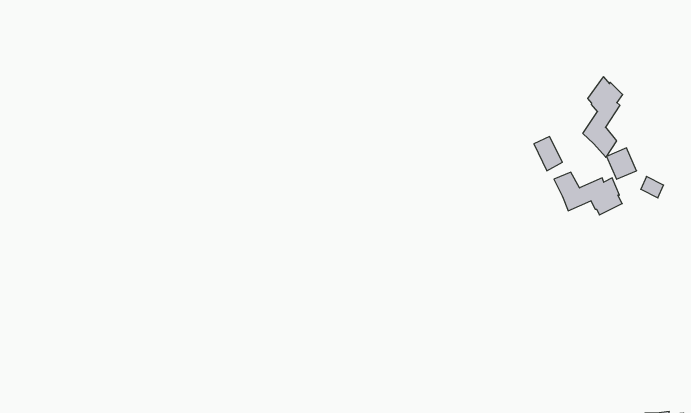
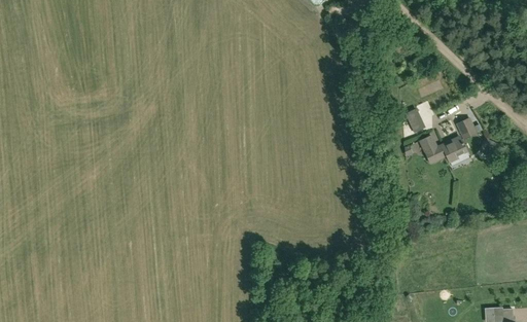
building: [583,77,623,157] -> none

